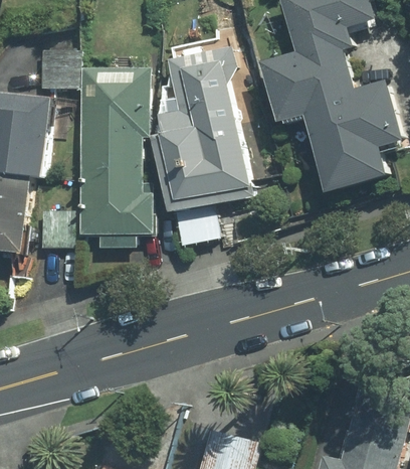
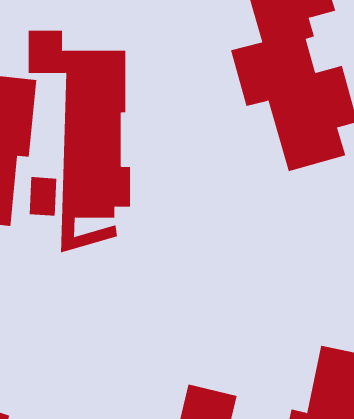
building: [151,43,255,244] -> none

